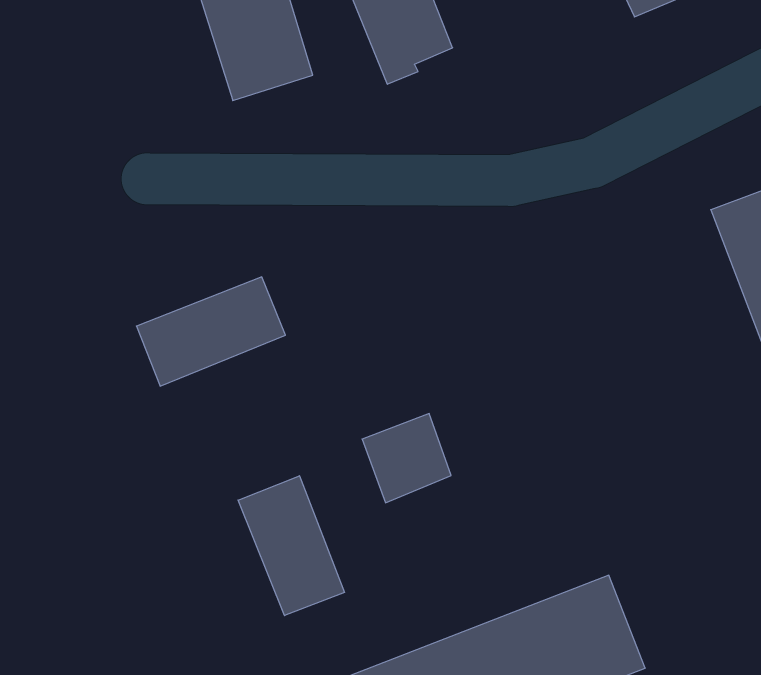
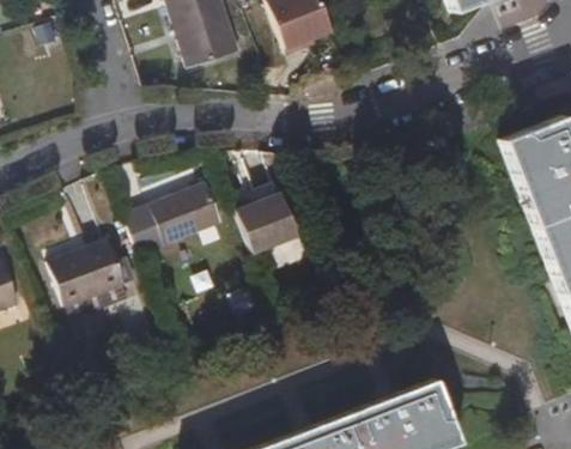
building: none -> [50,241,128,309]
building: [362,414,451,503] -> [238,198,297,256]
building: [238,476,344,616] -> none

